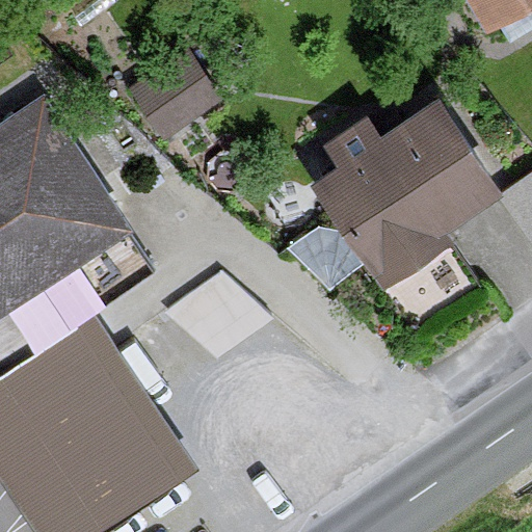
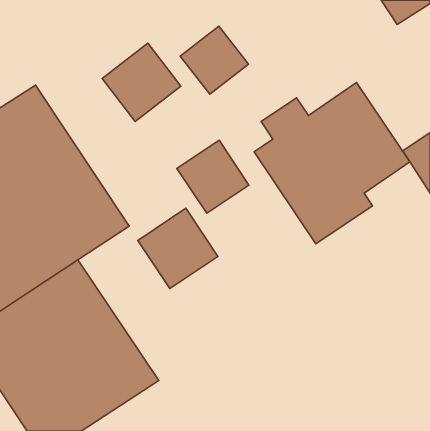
building: none -> [180,26,249,94]
building: none -> [177,140,249,213]

